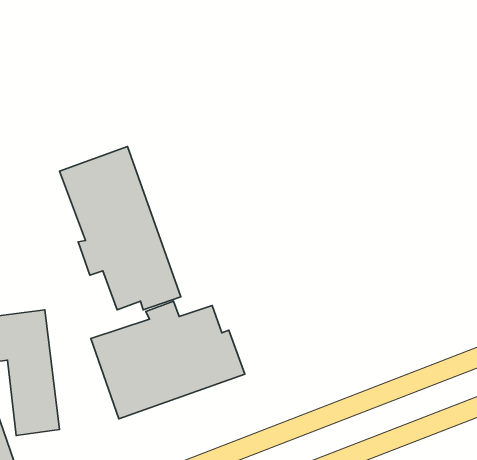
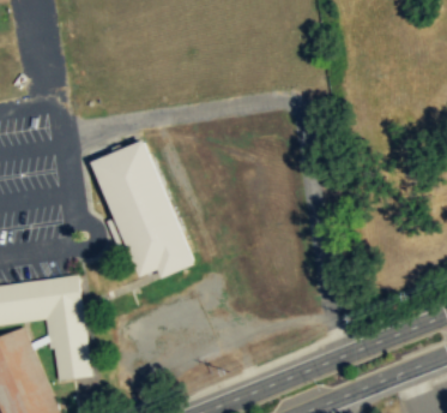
building: [91,301,245,419] -> none

